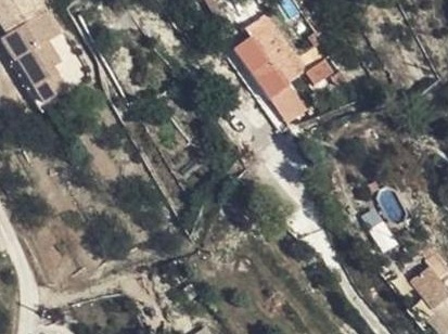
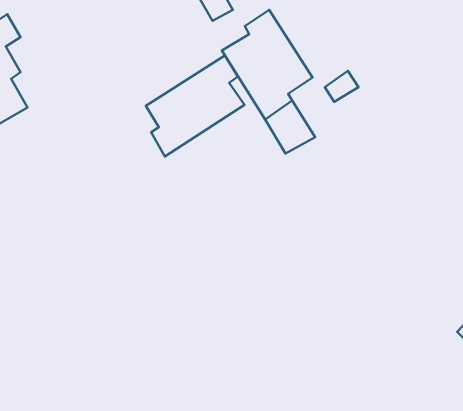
building: none -> [146,55,245,157]

